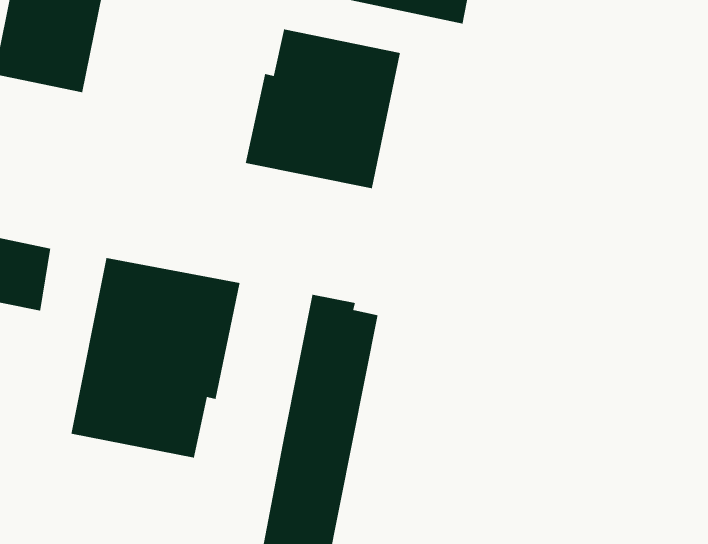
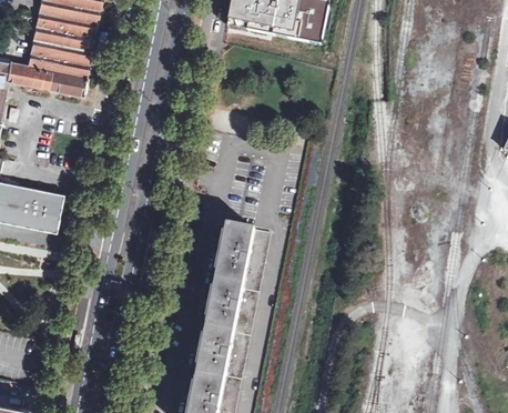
building: [245,28,401,189] -> none
building: [71,257,241,459] -> none

